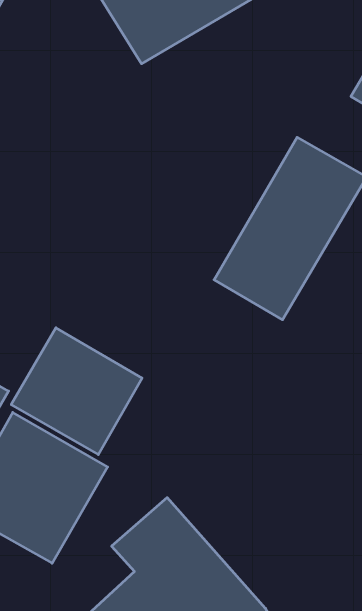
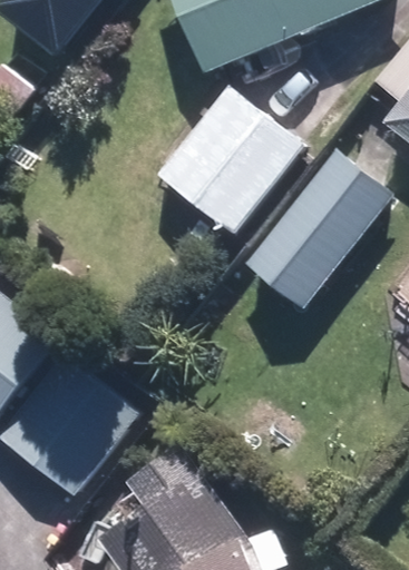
building: none -> [165,96,296,229]
building: [11,328,142,455] -> none

